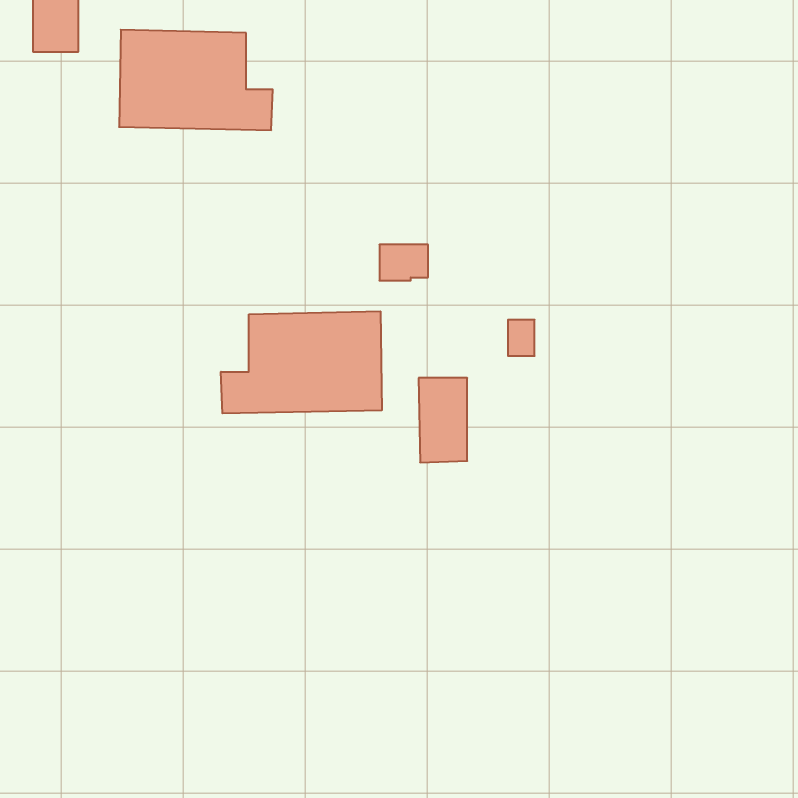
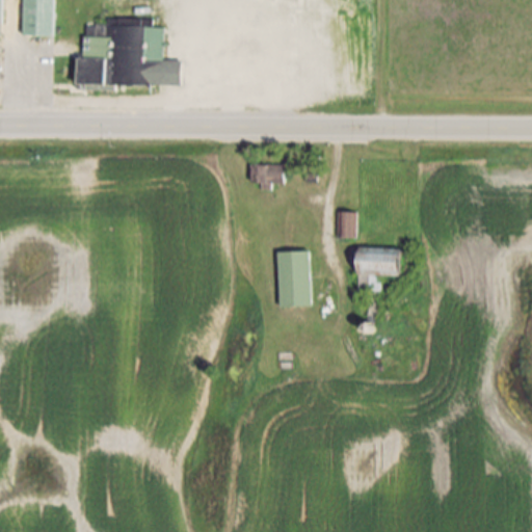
building: [221,311,382,413] -> none
building: none -> [356,247,400,290]

